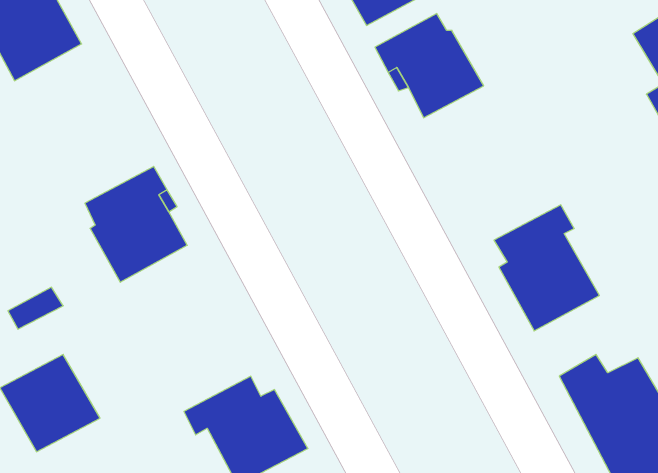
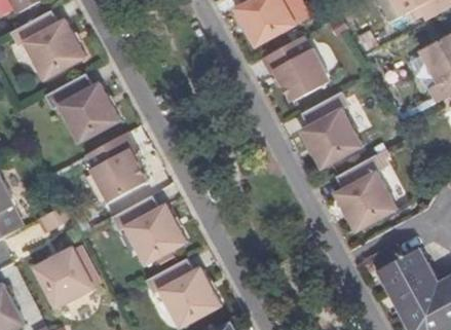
building: none -> [41,72,120,143]
building: none -> [300,93,365,169]
building: none -> [106,194,187,266]

